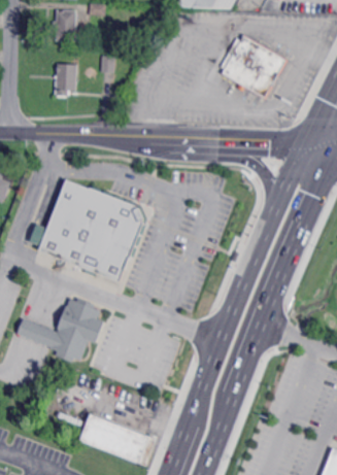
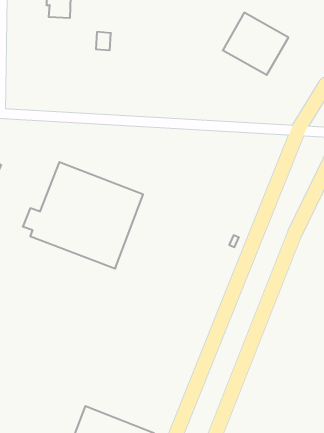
building: [56,64,77,95] -> none
building: [16,298,106,363] -> none

